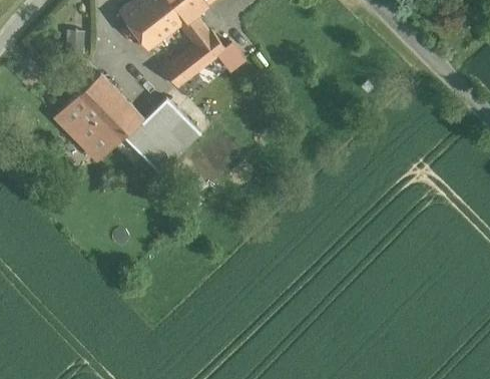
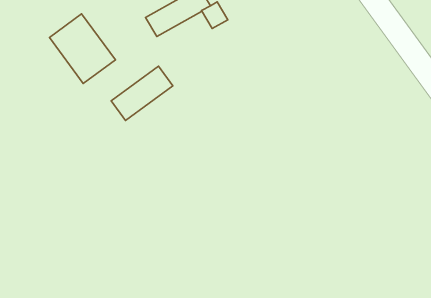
building: [125,99,183,157] -> none
building: [57,104,112,159] -> none

